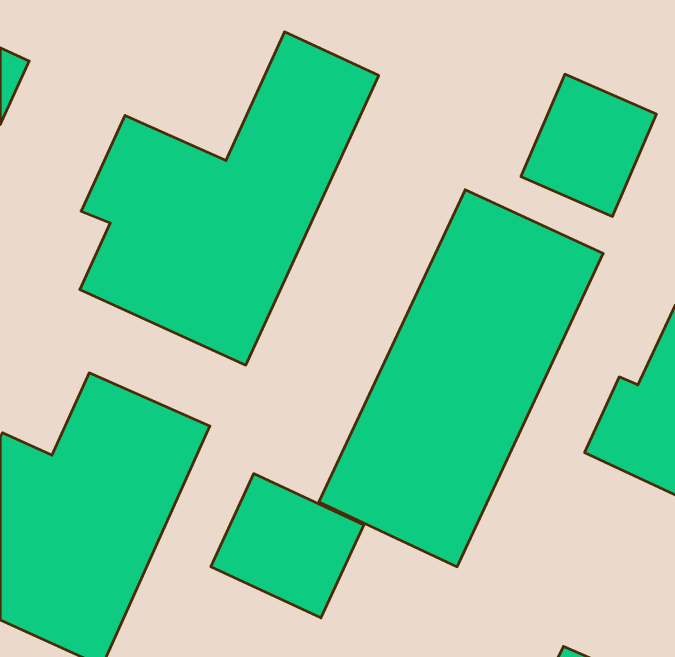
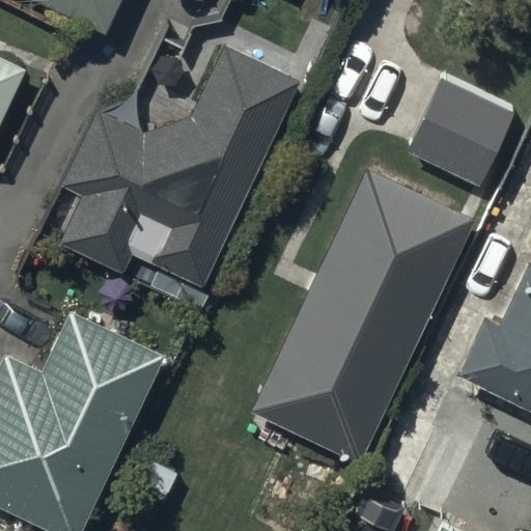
building: [211,474,364,618] -> none

